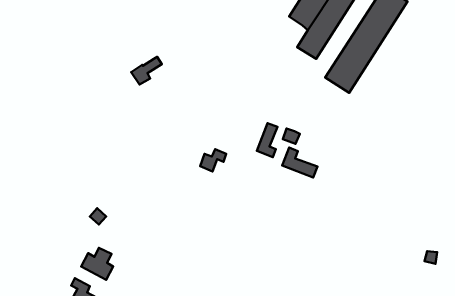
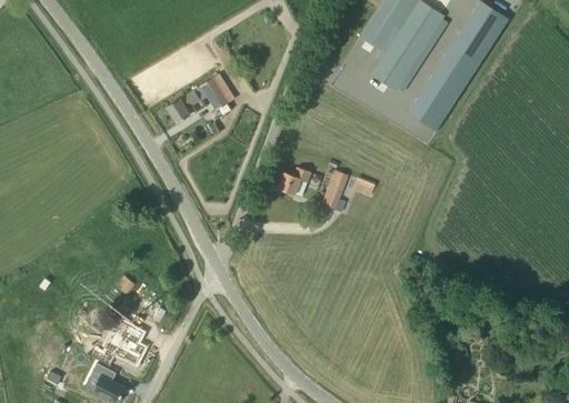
building: none -> [200,72,231,109]
building: [282,147,318,177] -> none
building: [200,149,226,172] -> [279,167,311,194]

